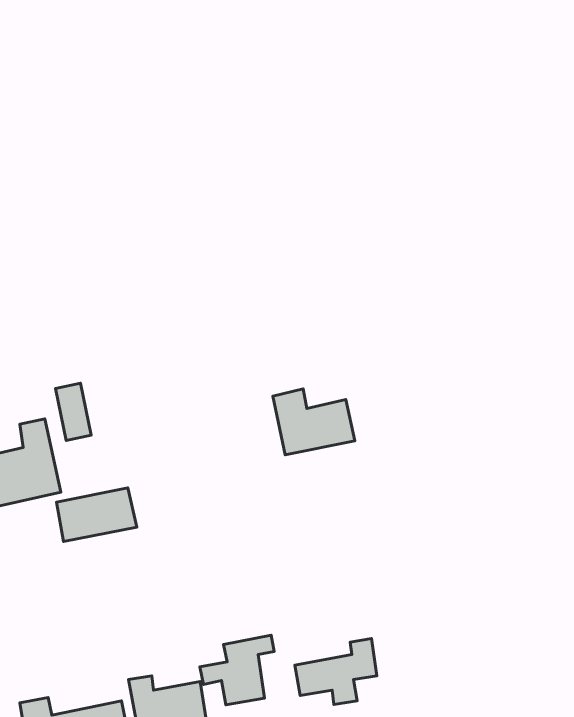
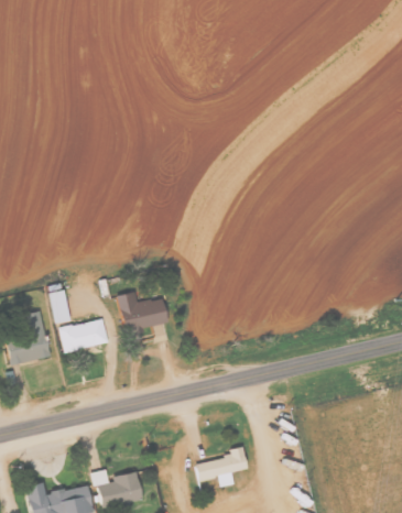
building: [273,389,355,455] -> [116,291,166,331]
building: [56,488,137,542] -> [58,318,108,351]
building: [200,635,274,705] -> none

